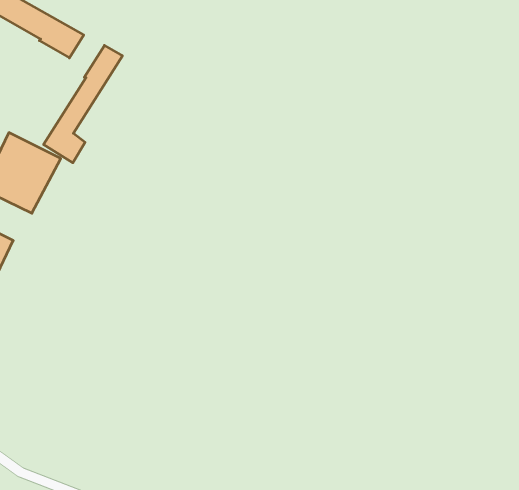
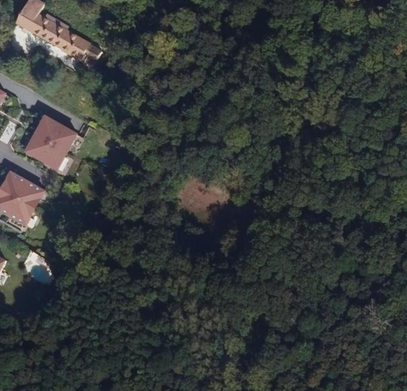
building: [44,45,122,163] -> none

